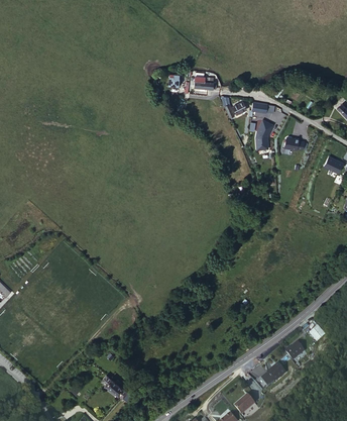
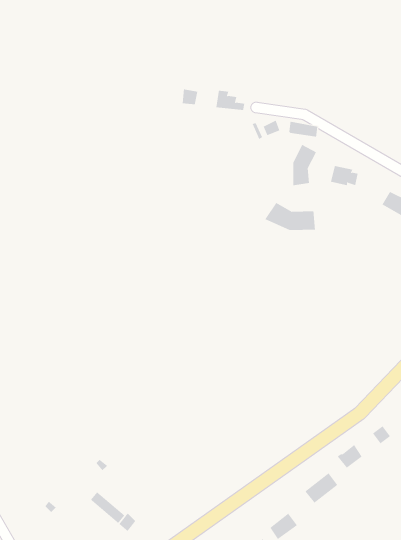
building: none -> [264,202,316,231]

